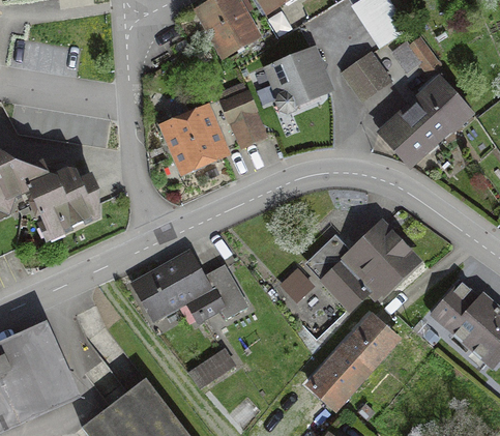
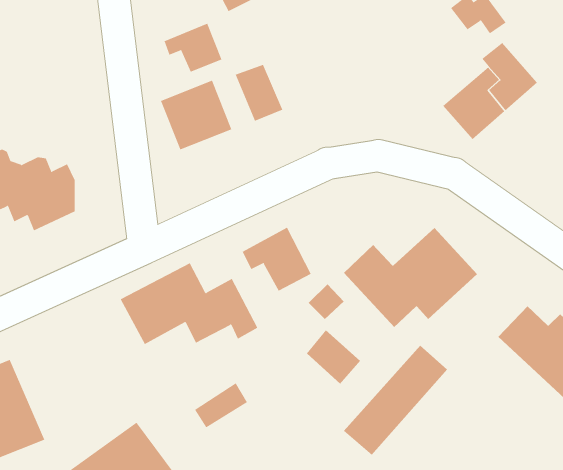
building: [269,51,327,110] -> none
building: [343,56,388,99] -> none
building: none -> [164,23,222,72]
building: none -> [242,227,312,291]
building: none -> [306,329,361,384]

